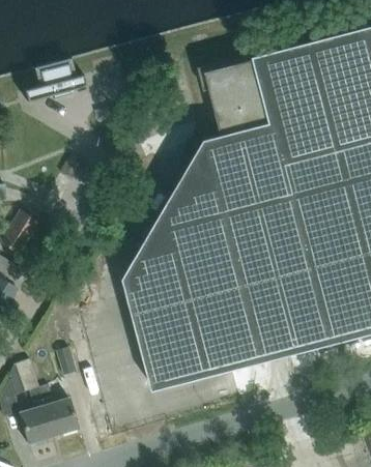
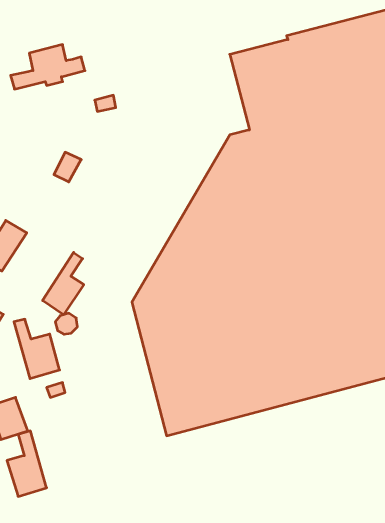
building: none -> [43,252,84,315]
building: [40,384,79,434] -> [14,319,60,379]

